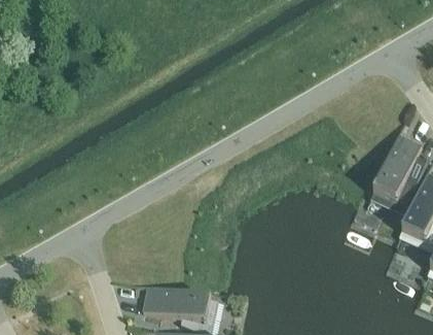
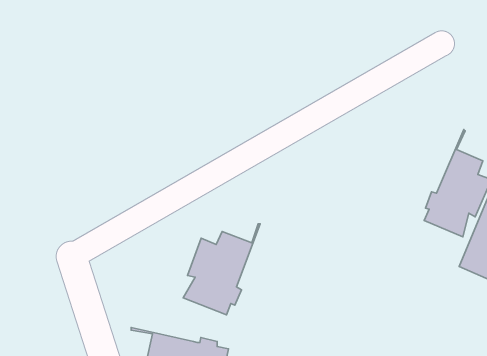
building: none -> [183,224,260,315]

